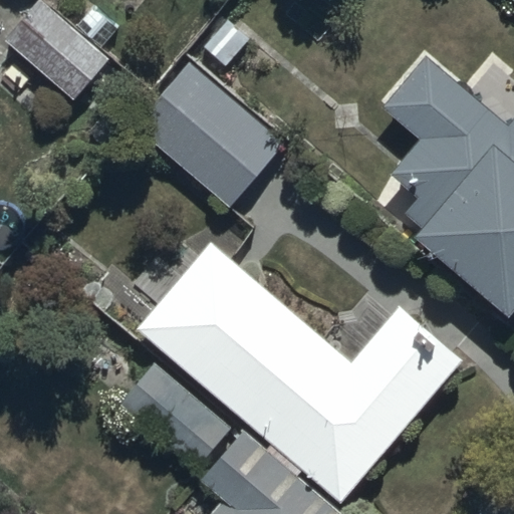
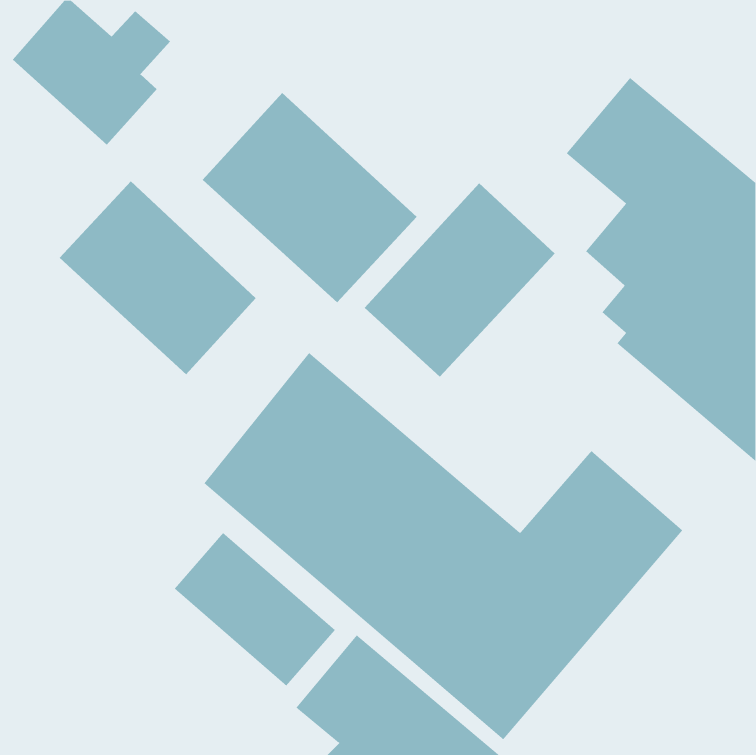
building: none -> [59,181,257,375]
building: none -> [364,183,555,377]

